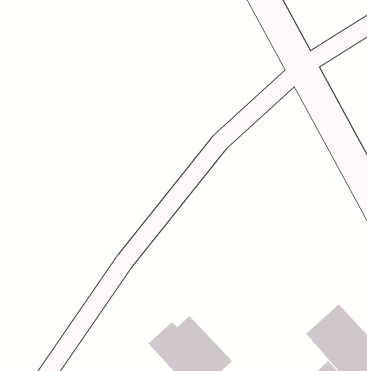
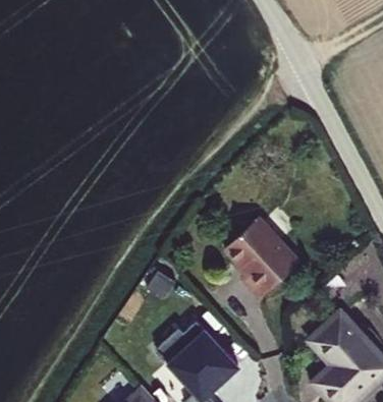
building: none -> [222,216,298,297]

